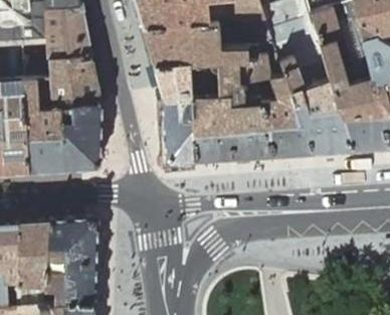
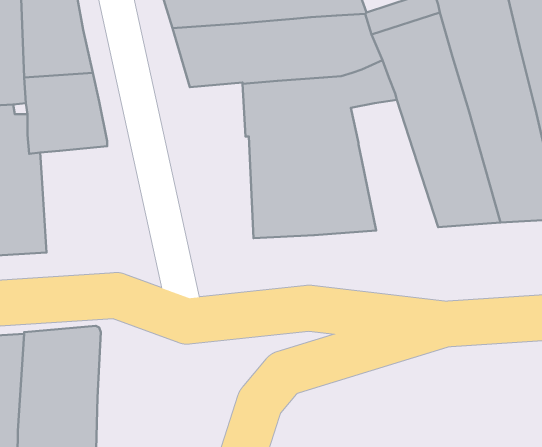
building: [154,64,194,165] -> none
building: [255,75,311,158] -> none
building: [60,105,102,172] -> none

